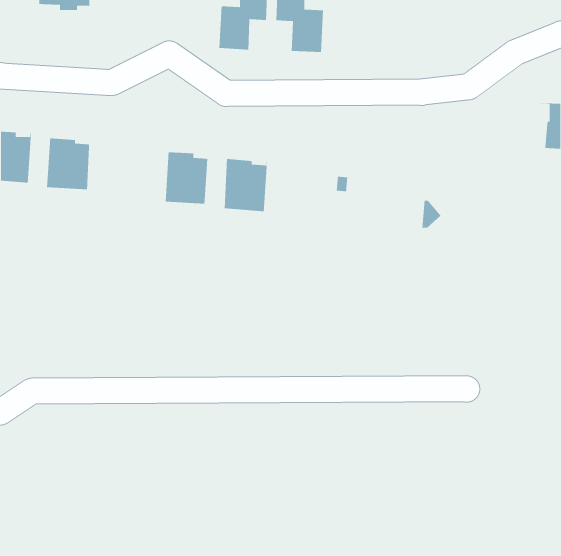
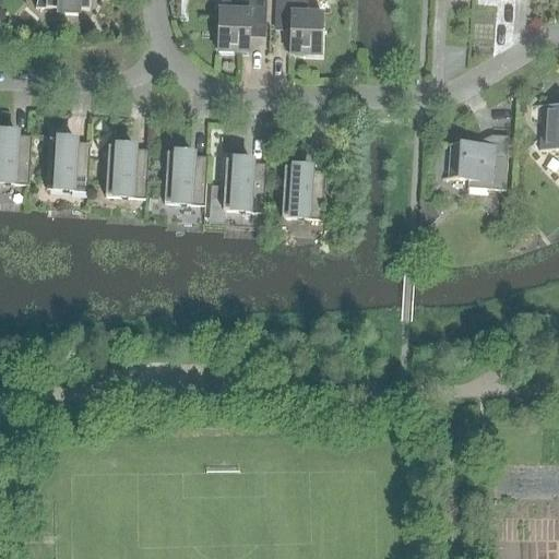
building: none -> [441,132,509,188]
building: none -> [105,144,148,197]
building: none -> [281,165,325,217]

